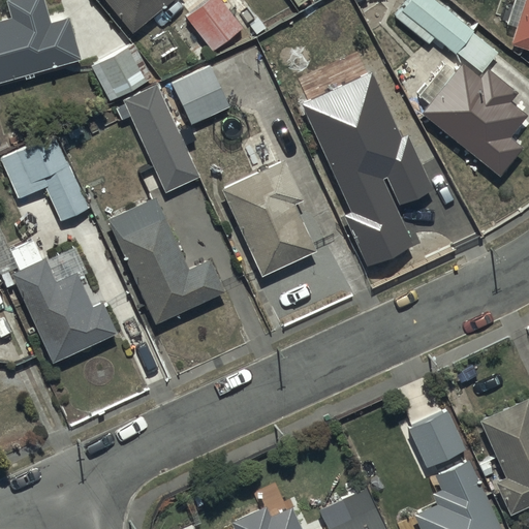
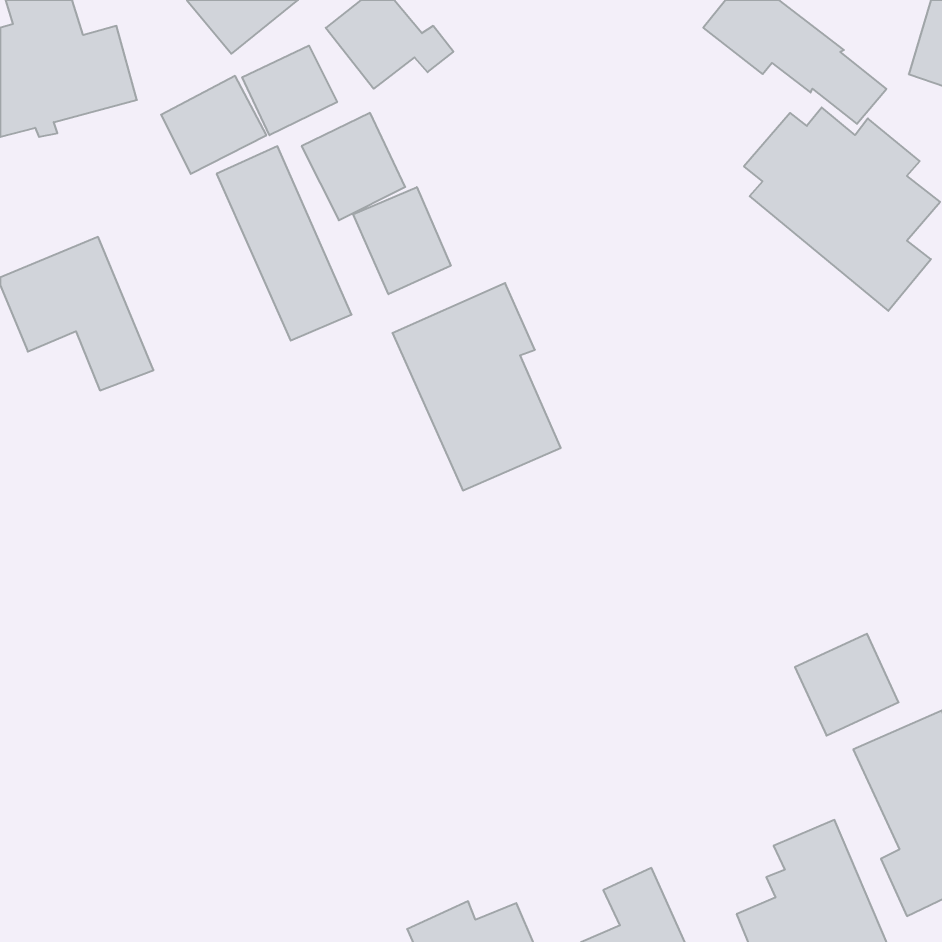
building: none -> [242,46,337,135]
building: [305,73,437,269] -> none
building: none -> [353,187,451,294]
building: [106,196,222,322] -> none
building: [10,240,117,363] -> none
building: [407,410,465,467] -> [795,634,899,736]

